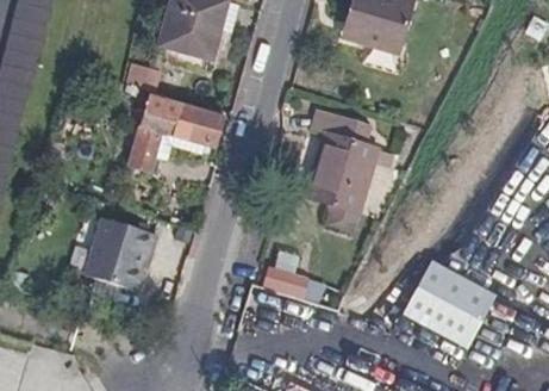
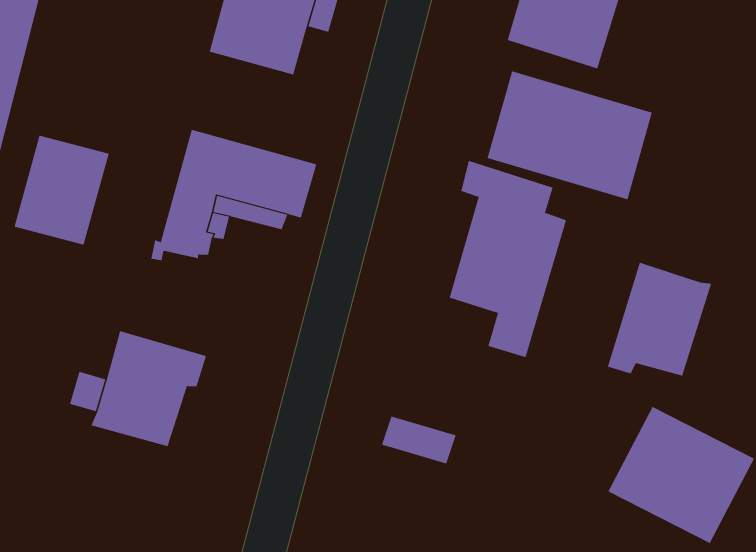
building: none -> [487,71,652,200]
building: none -> [14,135,109,246]
building: none -> [607,262,712,376]

